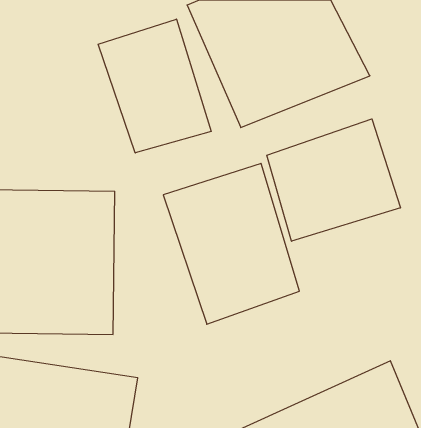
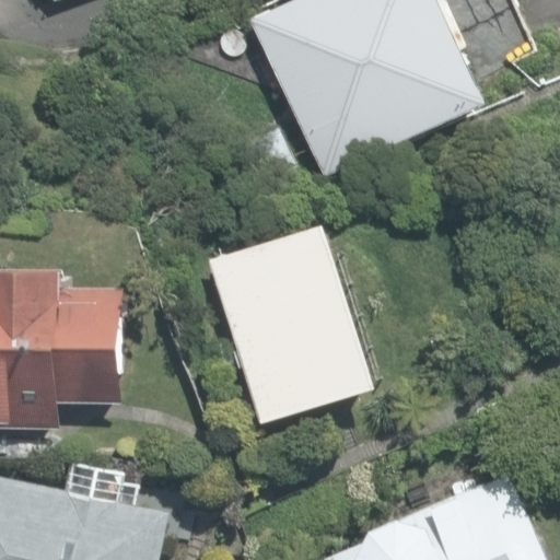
building: [98,19,211,153] -> none
building: [267,119,400,241] -> none

